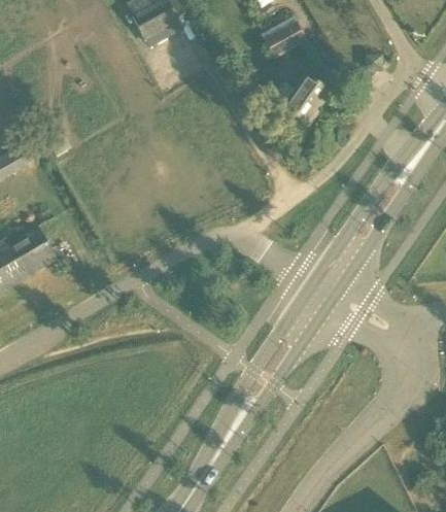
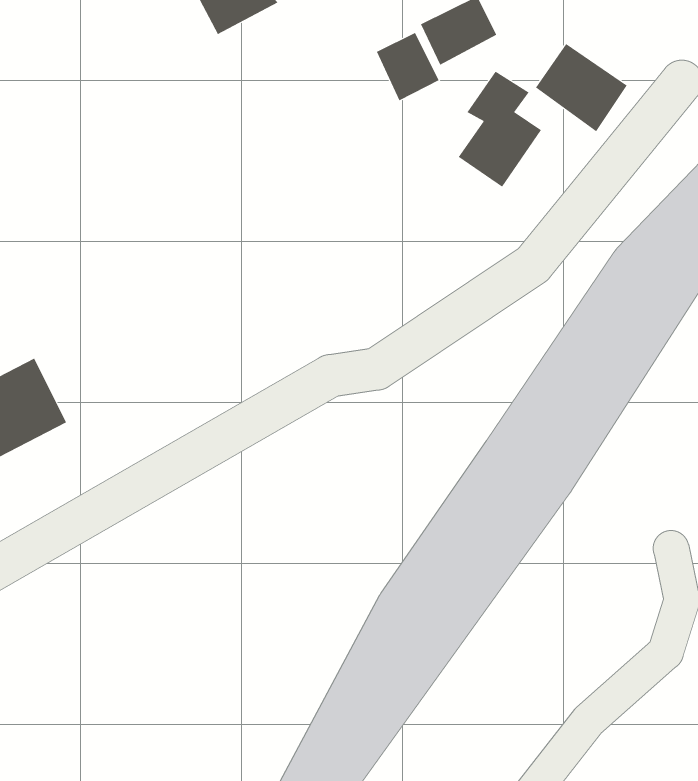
building: none -> [376,32,439,101]
building: none -> [535,43,627,132]

